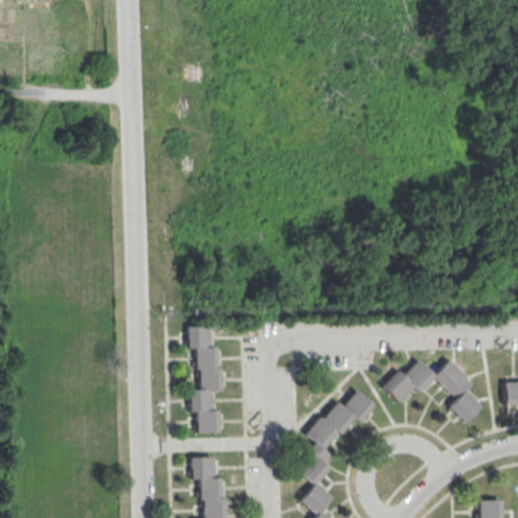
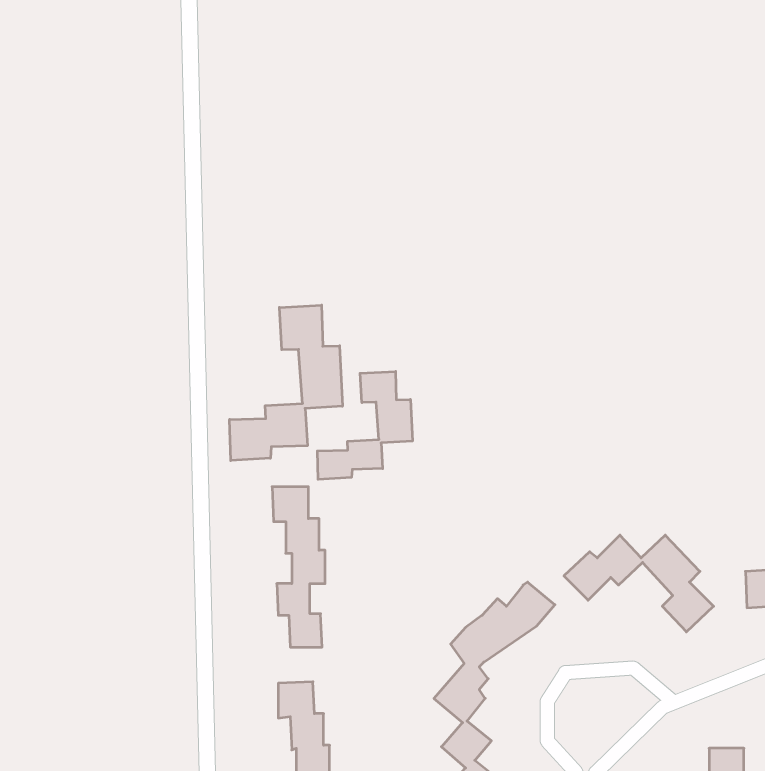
building: none -> [230,305,342,461]
building: none -> [317,371,412,479]

